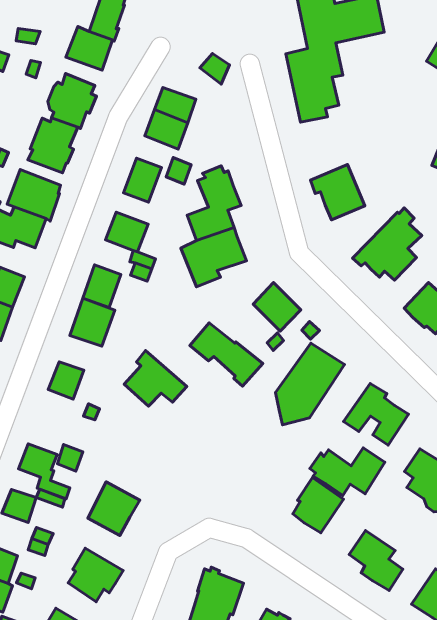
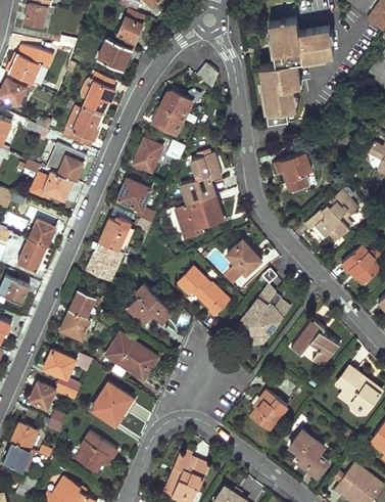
building: none -> [60,310,91,339]
building: none -> [106,329,162,380]
building: [310,448,385,496] -> none

